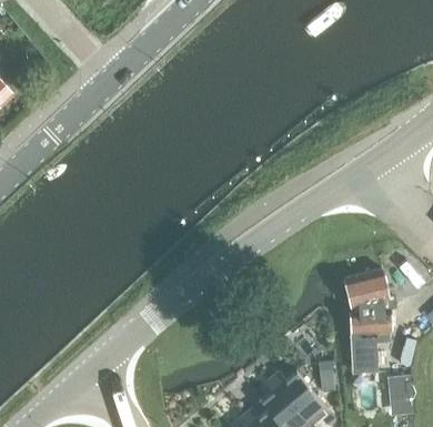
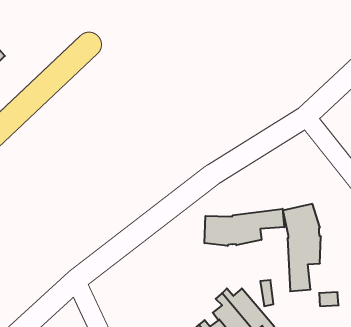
building: none -> [205,209,284,246]

